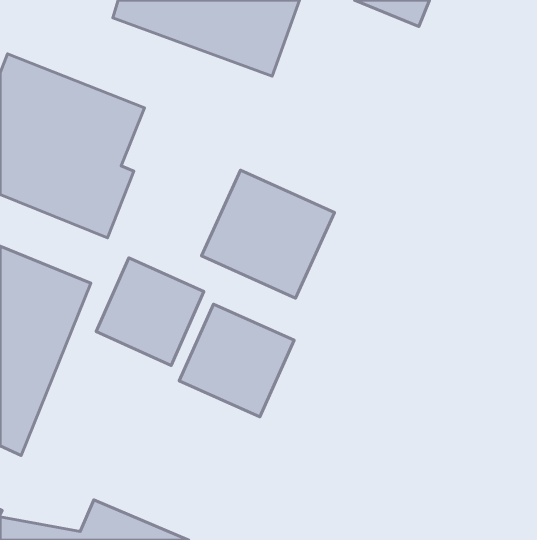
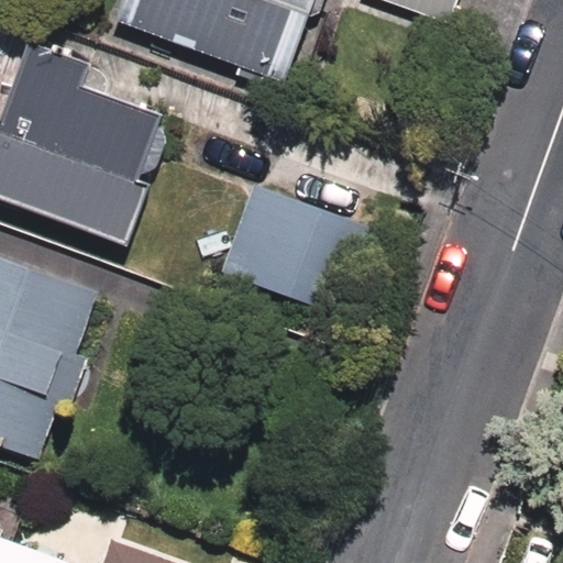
building: [96,258,204,365] -> none
building: [179,304,294,417] -> none

